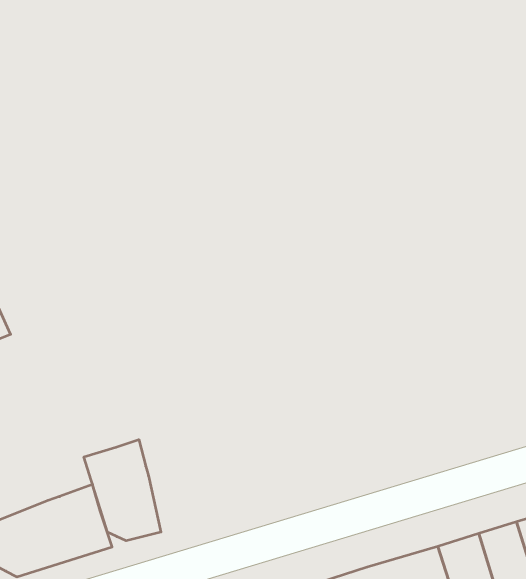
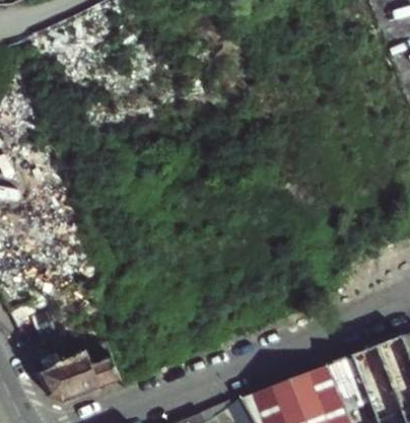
building: [84,440,161,541] -> none

